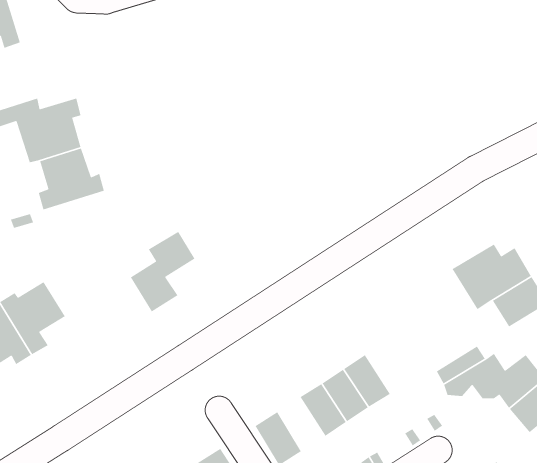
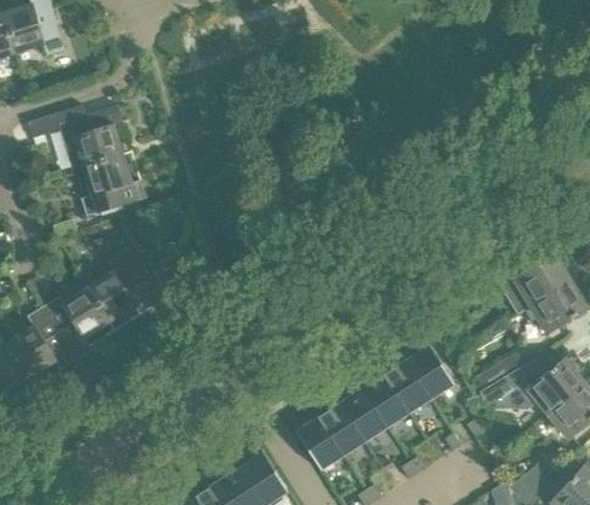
building: [130,231,195,312] -> [87,242,152,323]
building: none -> [405,346,453,400]
building: none -> [318,403,365,457]

